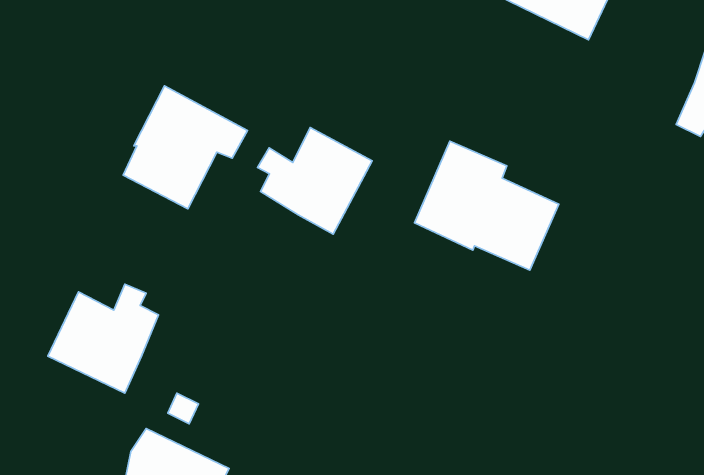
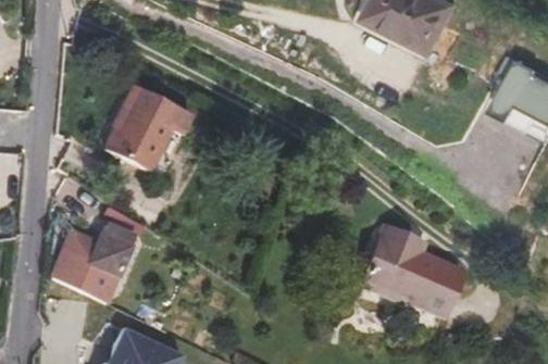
building: [257,127,372,234] -> none
building: [415,141,559,270] -> [362,226,464,317]

